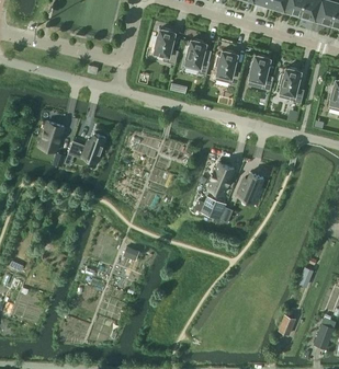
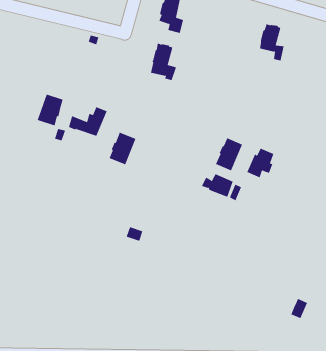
building: [184,39,210,76] -> [150,43,177,81]
building: [215,50,240,87] -> none
building: [279,68,304,104] -> none
building: none -> [109,132,136,165]

